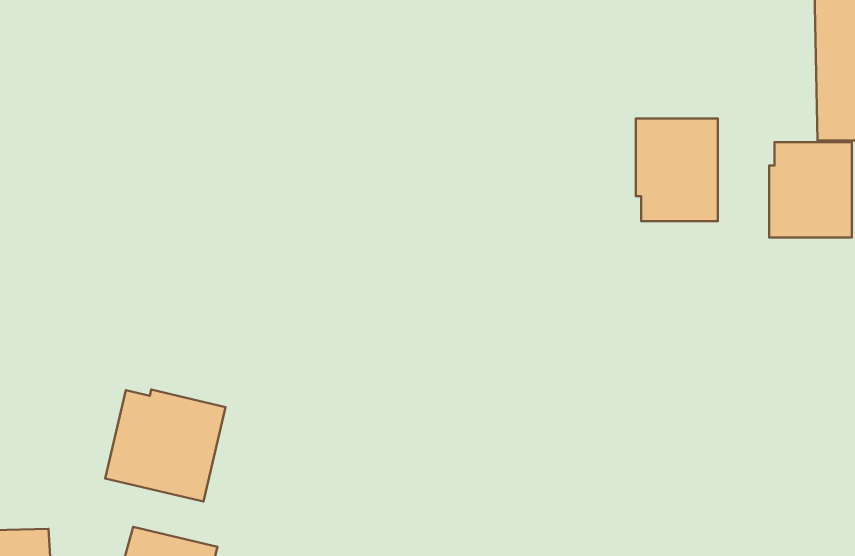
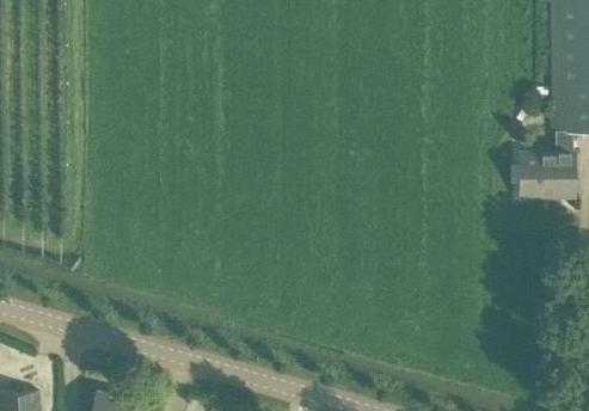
building: [636,119,718,221] -> none
building: [105,390,225,502] -> none

